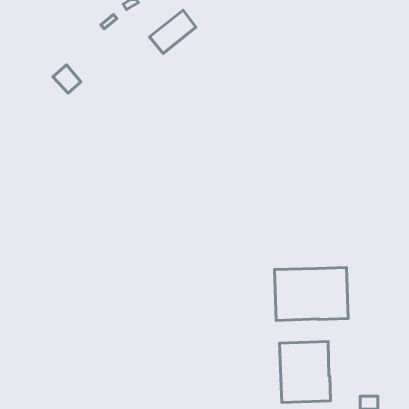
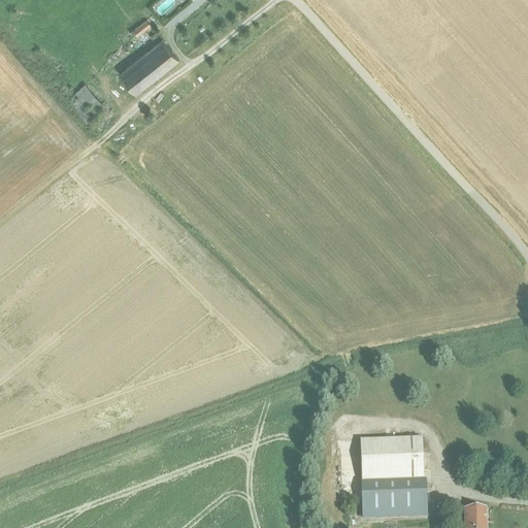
building: [149,10,196,54] -> [119,38,178,94]
building: [275,268,348,320] -> none

